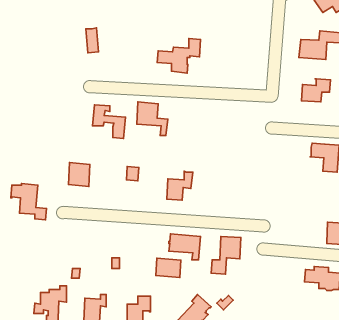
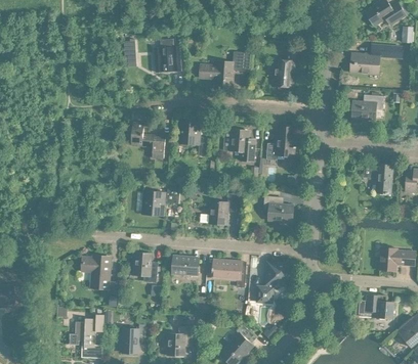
building: none -> [154,46,181,73]
building: none -> [275,49,298,87]
building: none -> [265,127,295,161]
building: none -> [229,130,255,162]
building: [68,162,90,186] -> [141,190,164,216]
building: none -> [262,196,291,222]
building: [11,183,47,220] -> [81,256,119,294]
building: none -> [133,253,157,282]
building: [156,258,181,277] -> [171,256,198,276]

